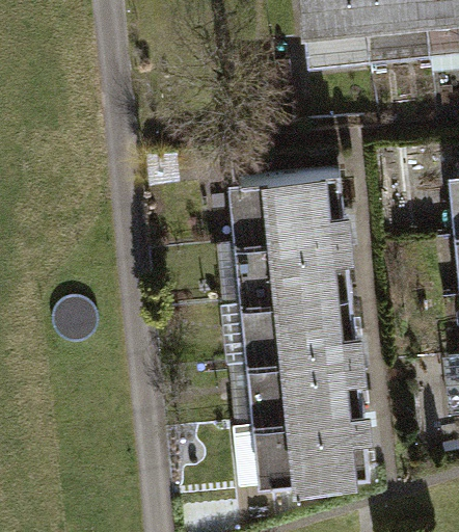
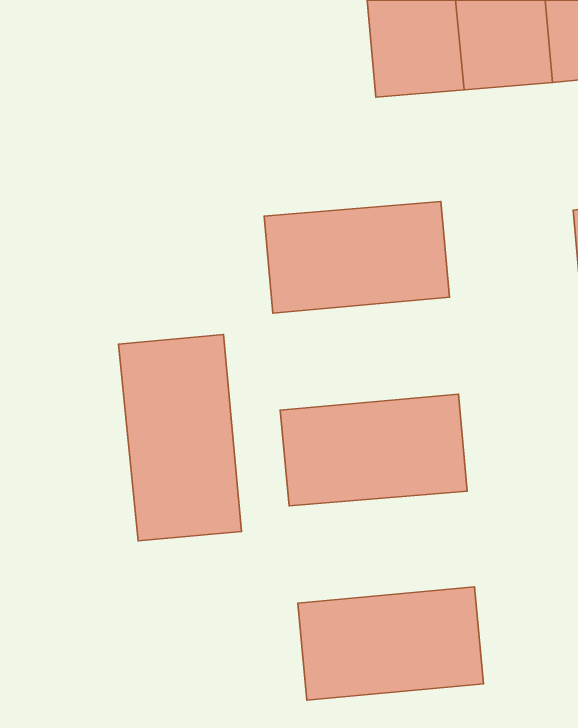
building: [233,211,363,291] -> none
building: none -> [119,334,241,541]
building: [244,348,375,427] -> none

